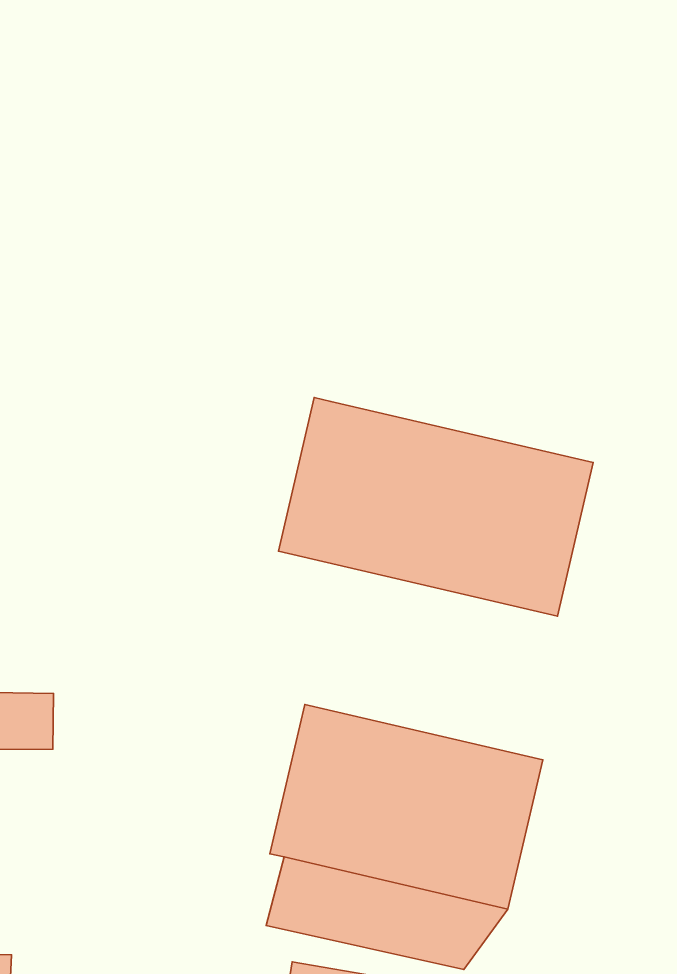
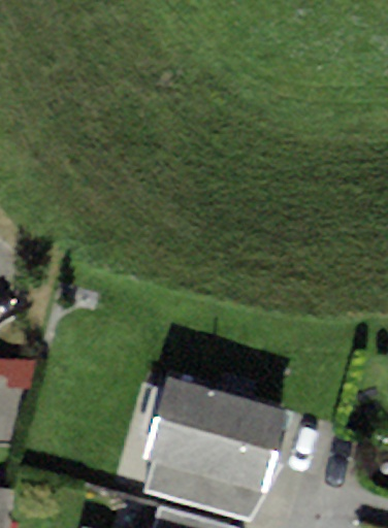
building: [279,398,593,616] -> none

